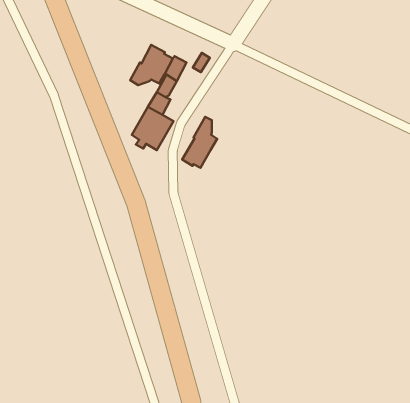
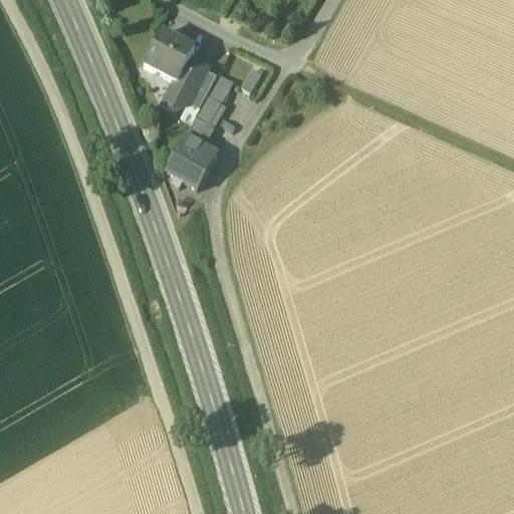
building: none -> [145,29,195,79]
building: [182,117,217,168] -> none

